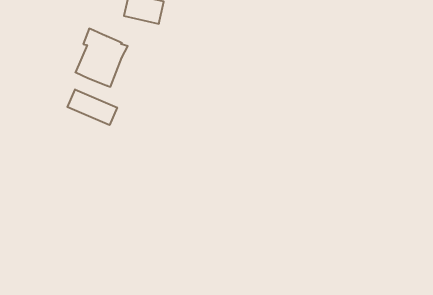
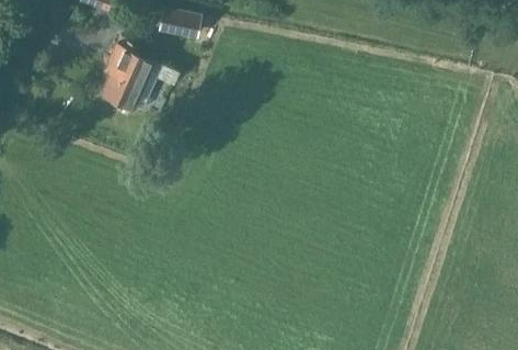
building: [67,89,117,125] -> none

